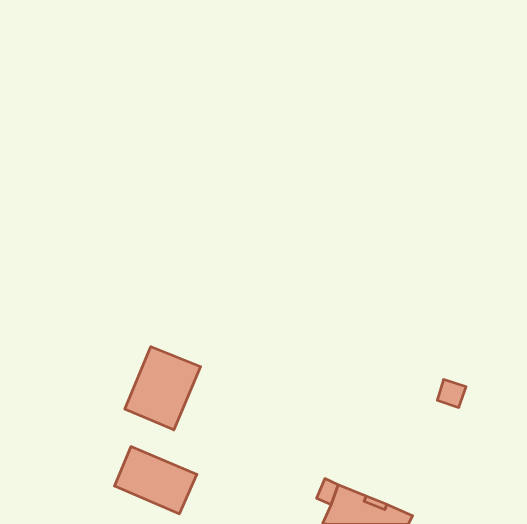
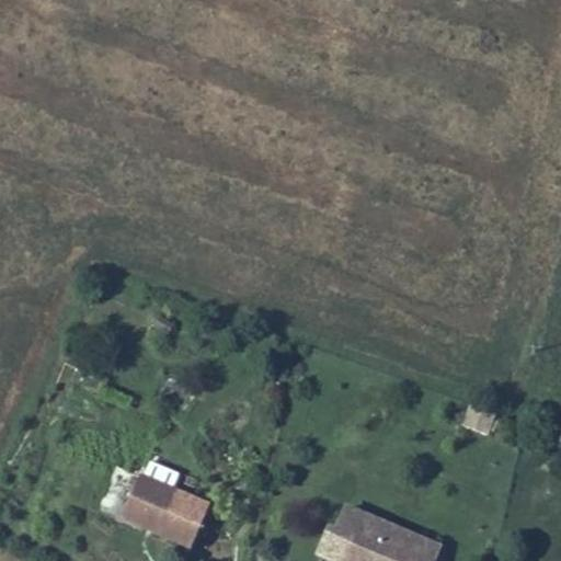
building: [125,347,201,430] -> none

